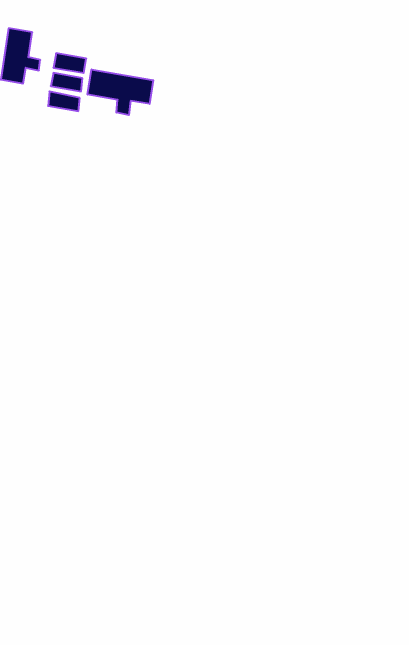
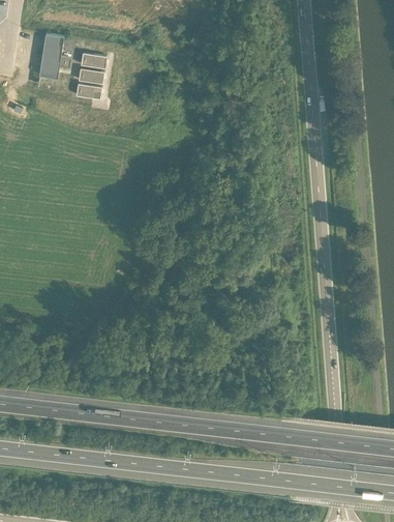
building: [88,69,153,115] -> none

